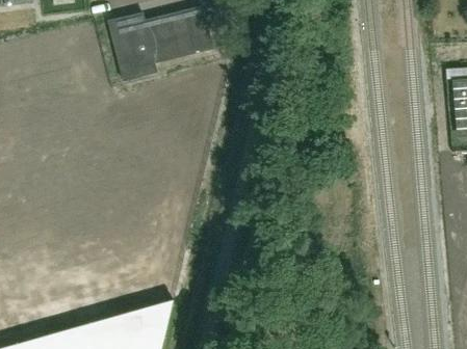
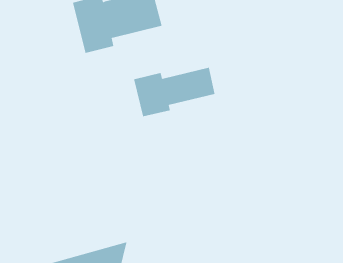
building: none -> [133,67,215,117]

